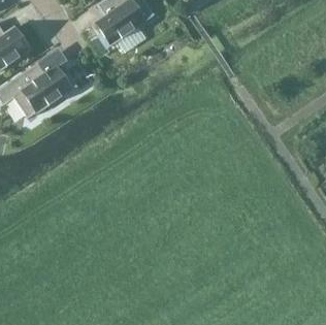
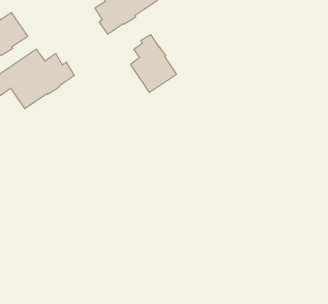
building: none -> [131,35,177,93]

